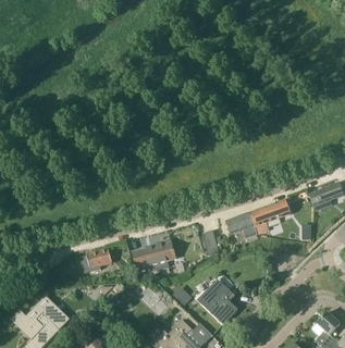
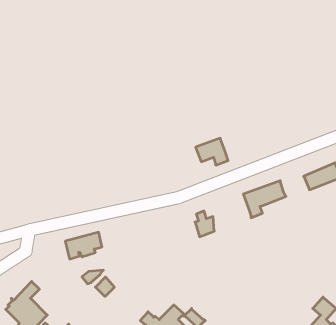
building: [225,211,257,237] -> [196,138,228,165]
building: [132,240,175,272] -> none
building: [200,282,237,324] -> none

